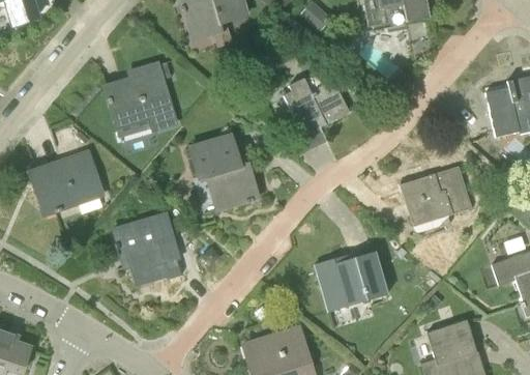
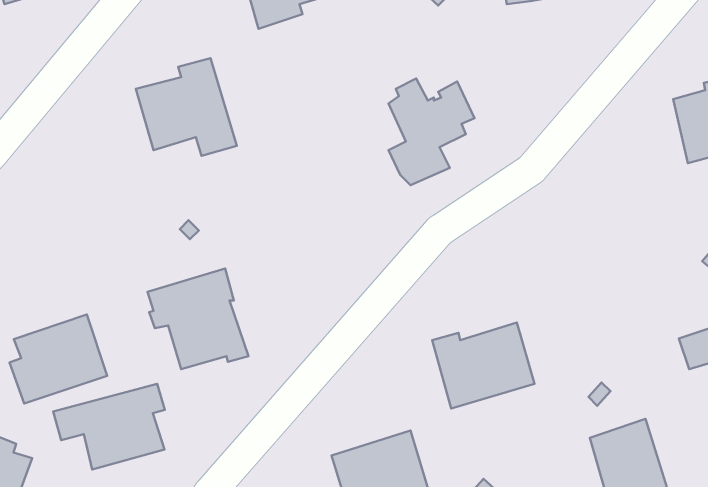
building: [187,132,259,209] -> none
building: [34,151,104,214] -> [10,314,107,404]
building: [400,166,473,234] -> none
building: none -> [53,384,165,469]

